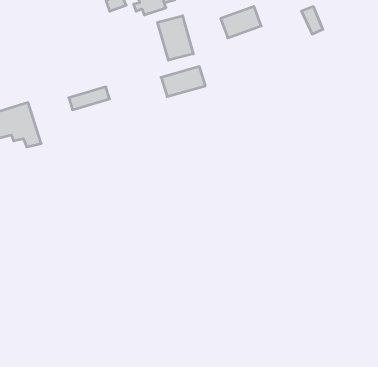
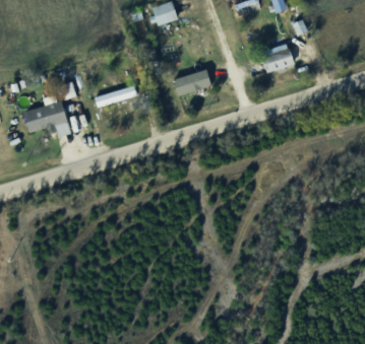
building: [221,7,261,38] -> [260,48,295,74]
building: [158,16,193,60] -> none

